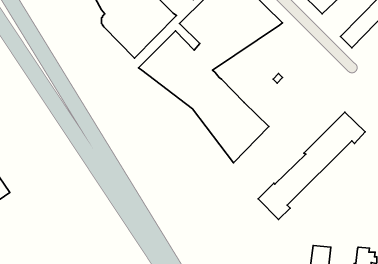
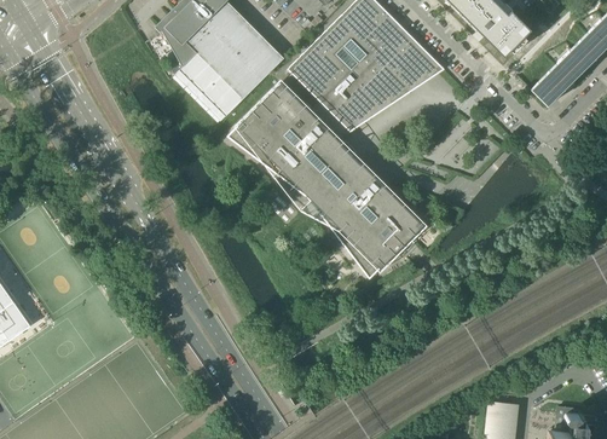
building: [258,112,365,219] -> none

